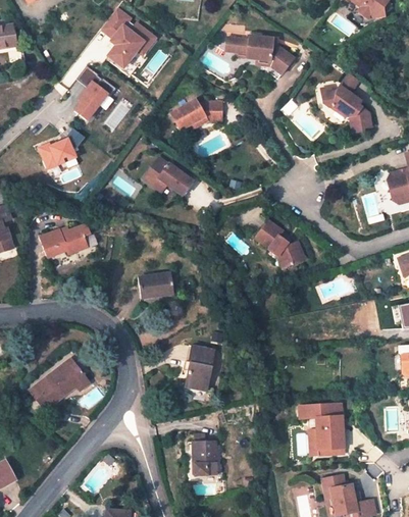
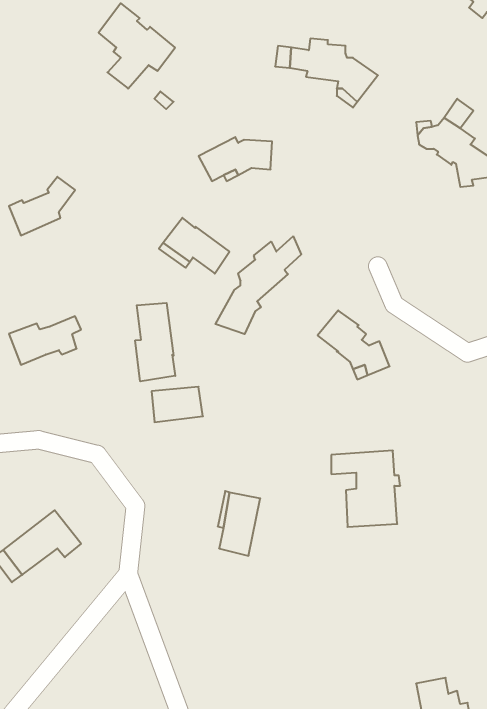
building: [75,65,116,119] -> none
building: none -> [215,236,301,334]
building: none -> [135,303,175,381]
building: [300,403,348,456] -> [331,451,400,527]
building: [193,442,215,475] -> none

